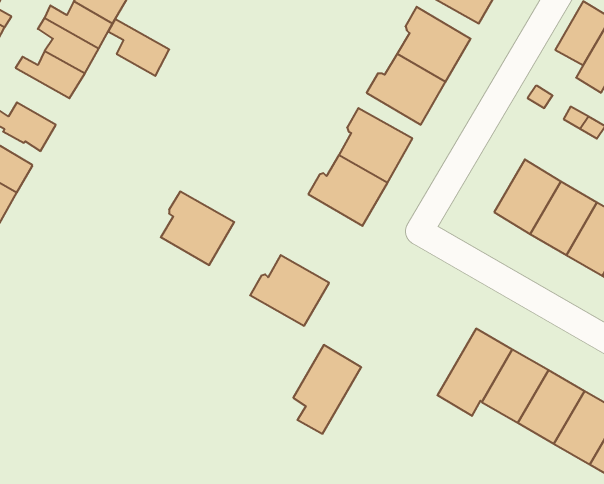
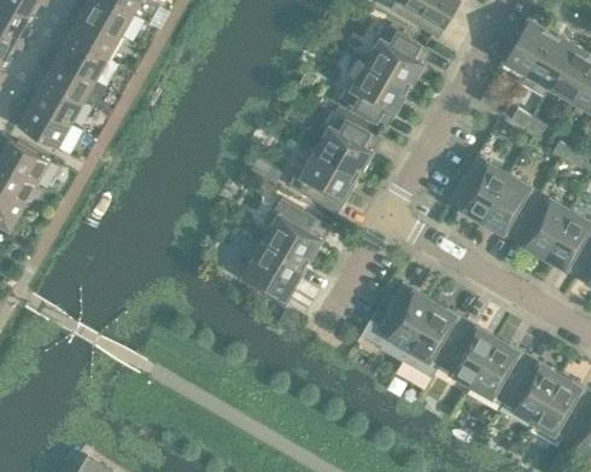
building: [108,19,169,76] -> [29,76,82,126]
building: [161,192,234,265] -> [265,199,329,263]
building: [293,345,361,434] -> [376,284,435,361]

